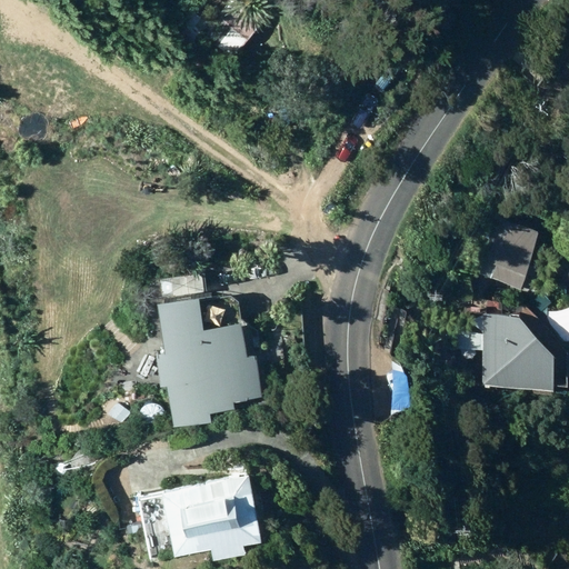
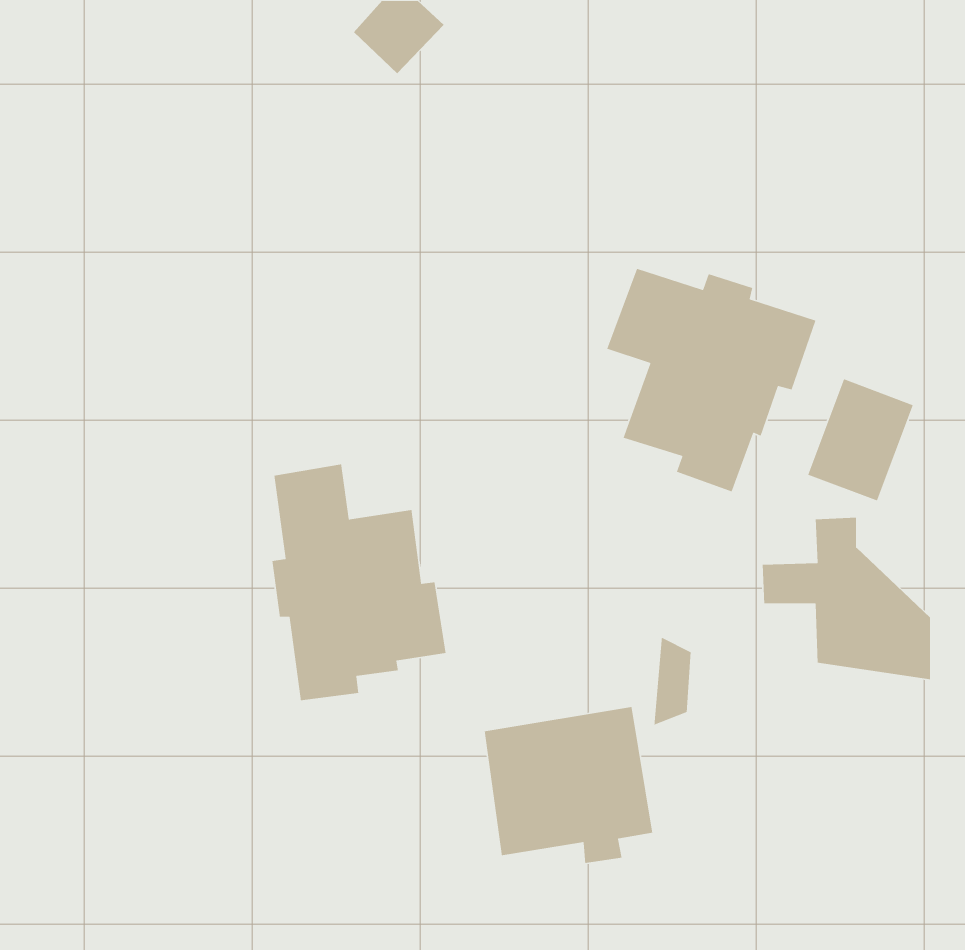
building: none -> [606,268,817,493]
building: [163,469,262,561] -> [484,706,653,864]

